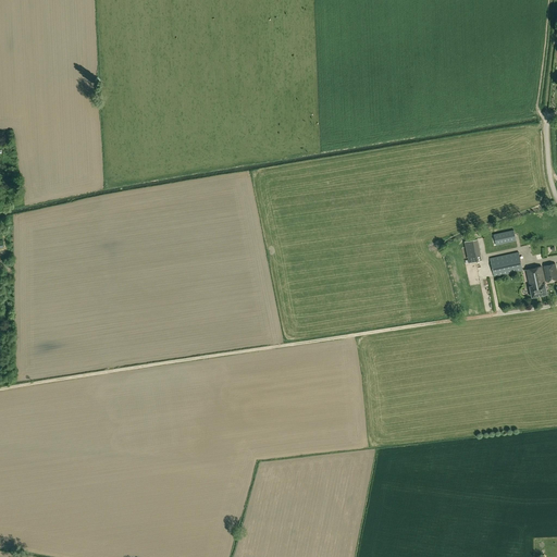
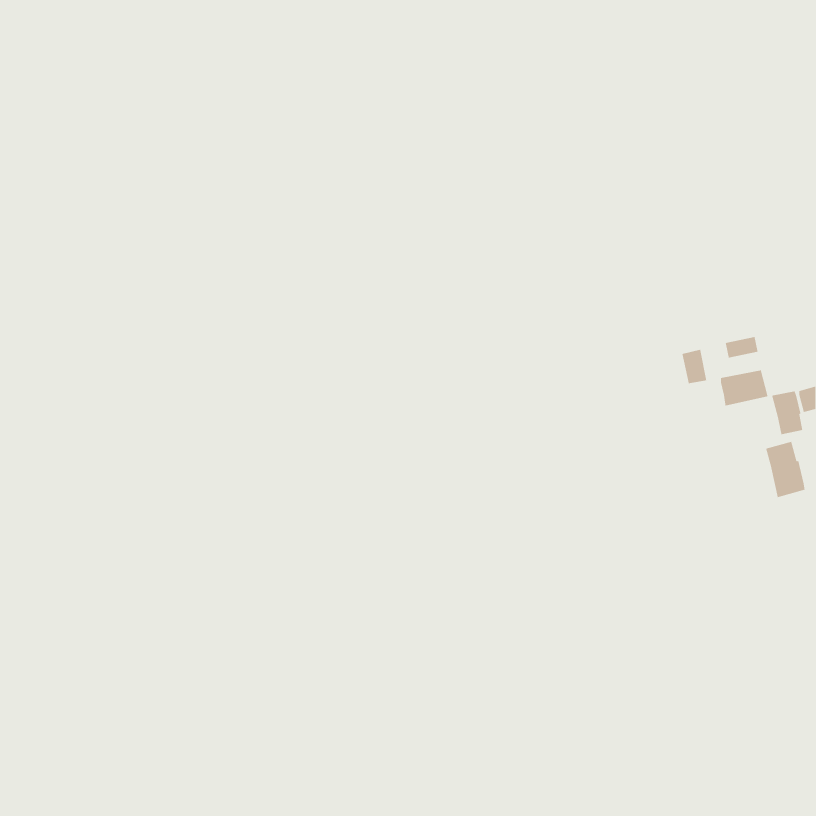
building: none -> [765,441,806,498]

